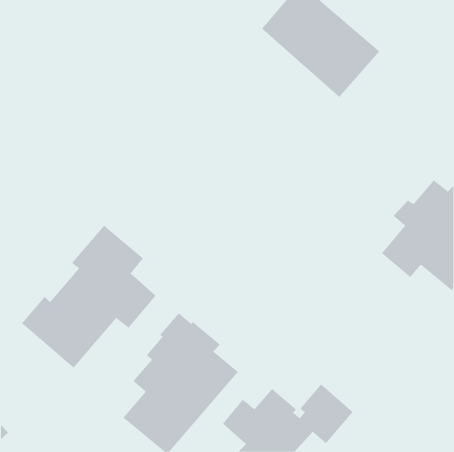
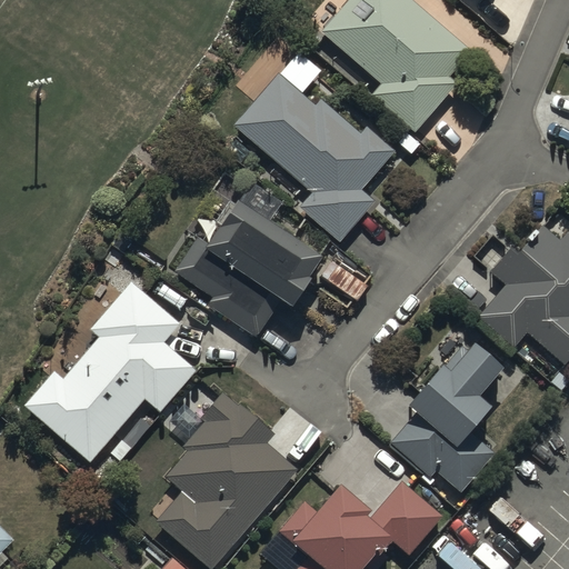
building: none -> [232,70,395,242]
building: none -> [174,201,321,337]
building: none -> [389,345,502,493]

